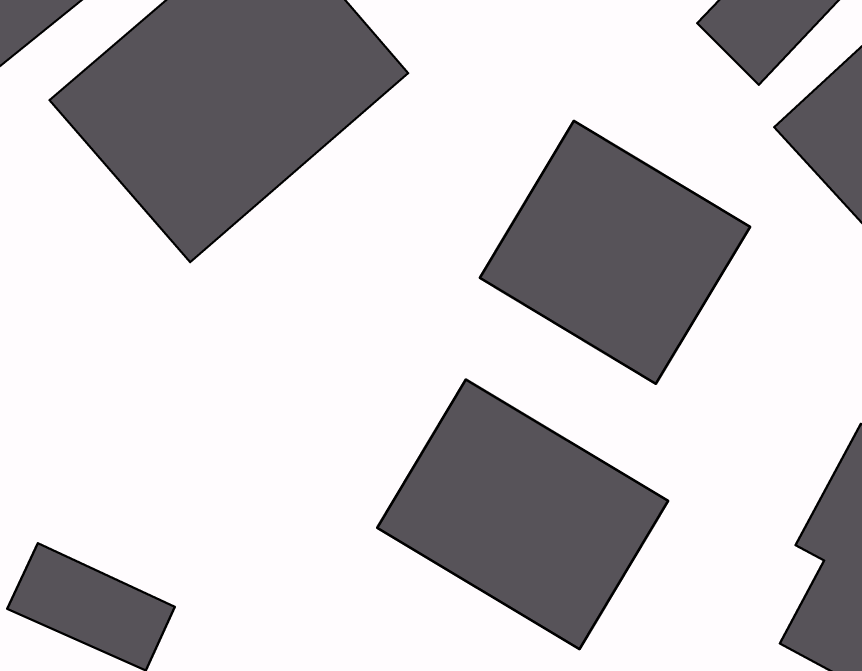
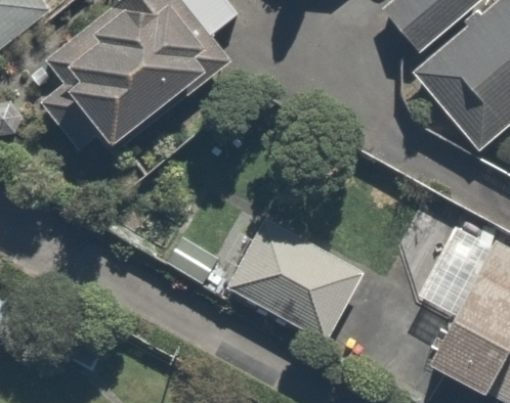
building: [480,121,750,384] -> none

